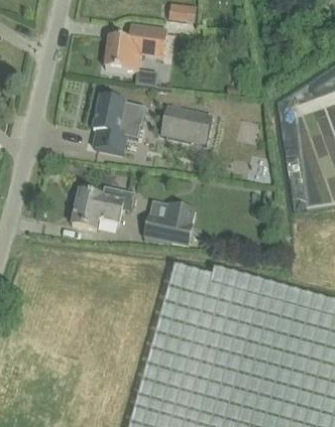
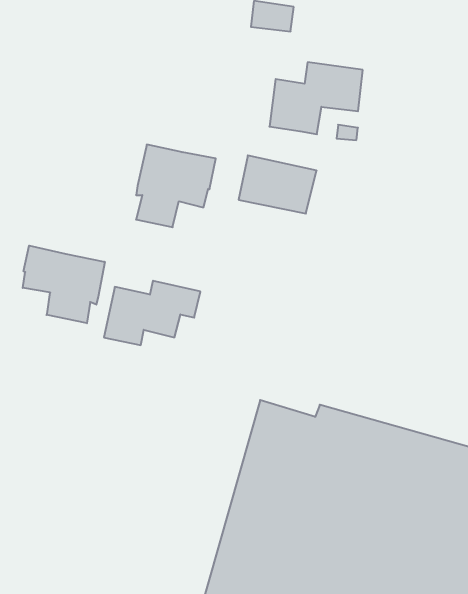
building: [106,25,168,73] -> [269,62,363,134]
building: none -> [23,246,105,323]
building: [144,201,196,248] -> none

